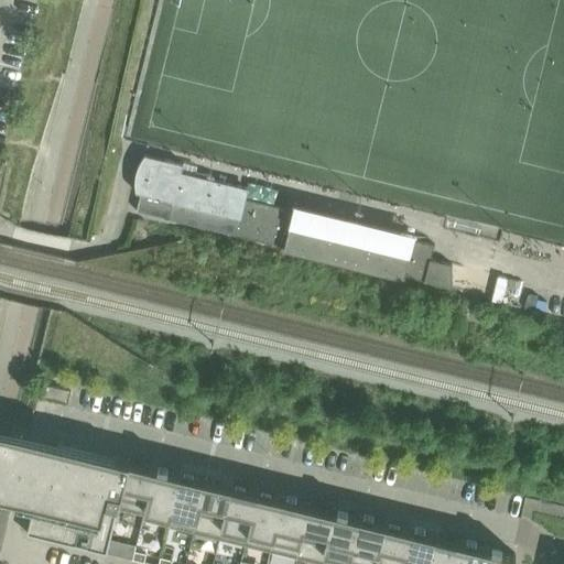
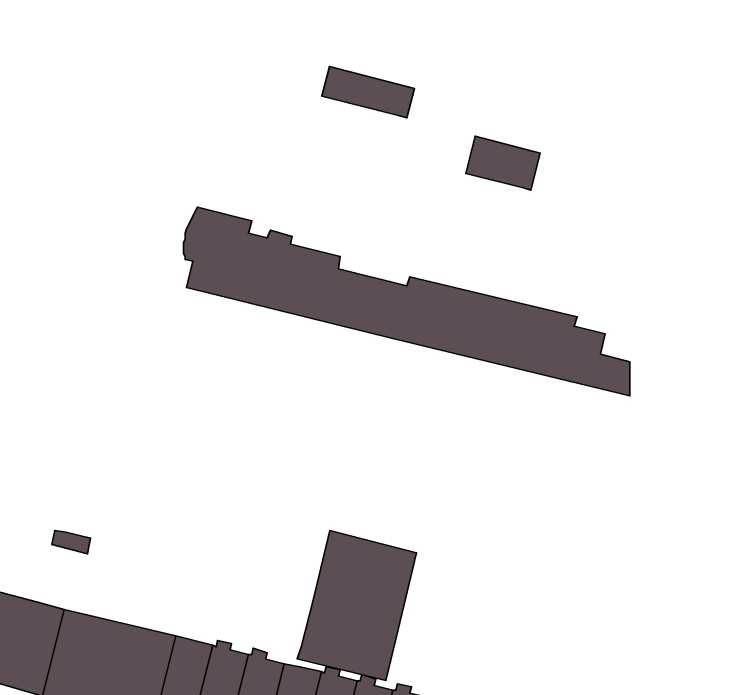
building: none -> [322,67,414,118]
building: none -> [466,136,540,190]
building: none -> [297,531,417,680]

